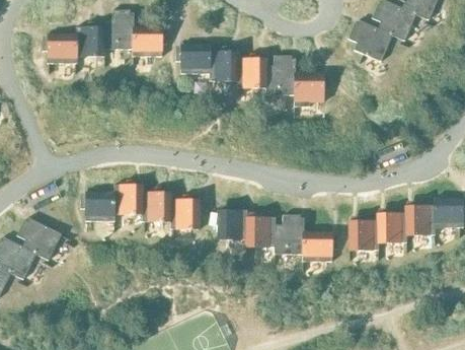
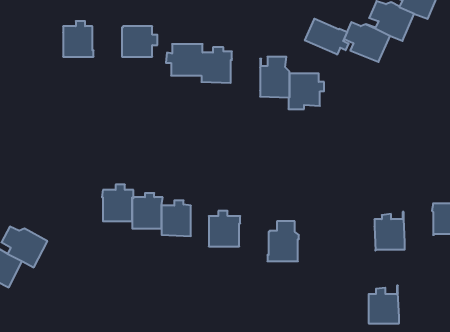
building: [104,10,134,50] -> none
building: none -> [305,19,349,55]
building: [43,32,77,63] -> none
building: [238,54,266,88] -> none
building: [81,192,114,221] -> none
building: [405,201,435,235] -> none
building: [245,213,276,248] -> none
building: [348,213,378,250] -> [369,286,399,323]
building: [303,231,336,262] -> none

